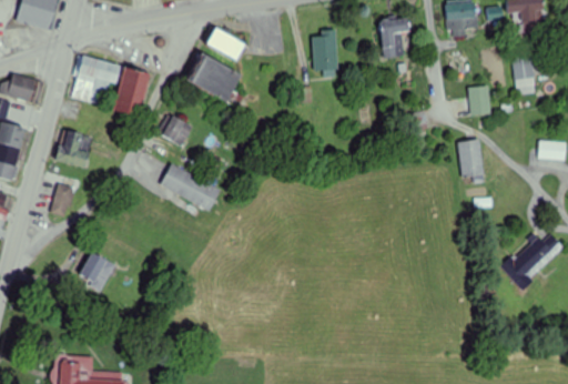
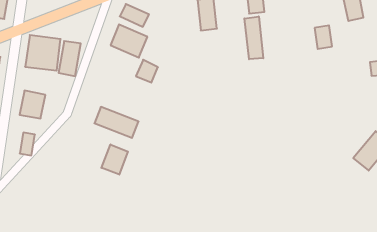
building: none -> [244,16,263,59]
building: [162,114,193,146] -> [136,60,158,83]
building: [458,140,483,183] -> none
building: none -> [101,144,128,175]
building: [77,252,116,292] -> none

